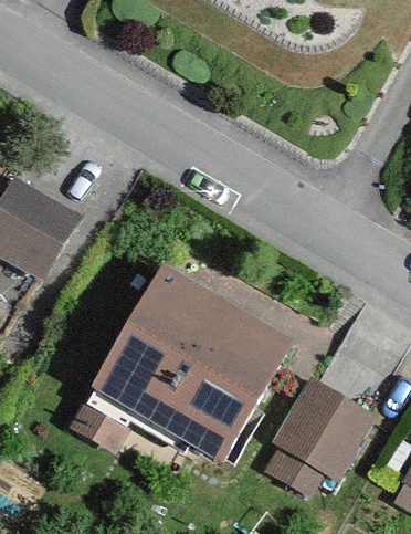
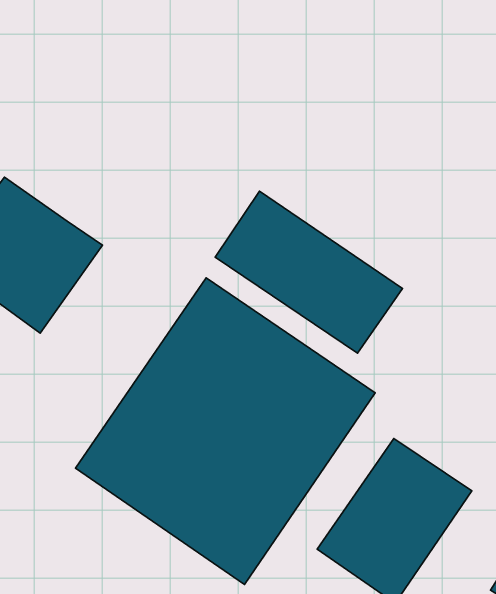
building: none -> [215,191,403,353]

